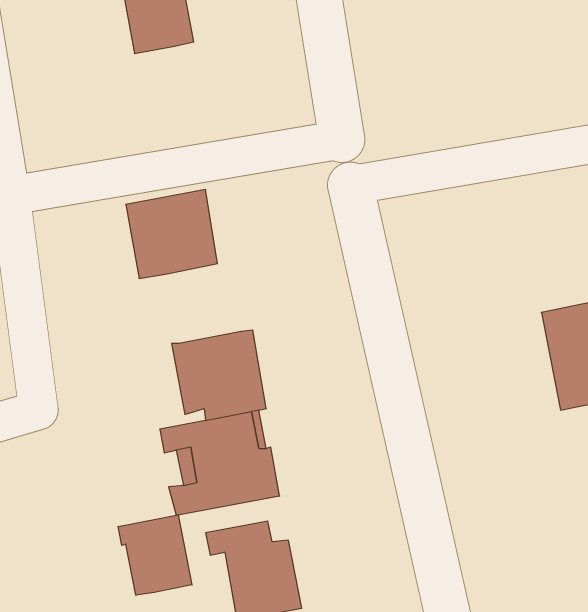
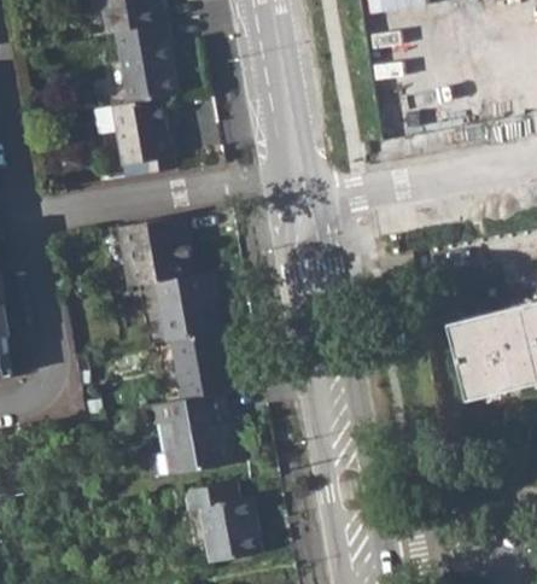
building: none -> [109,98,173,173]
building: none -> [151,273,211,340]
building: [118,515,192,595] -> none

